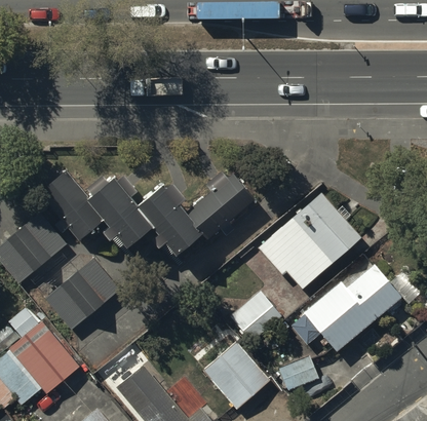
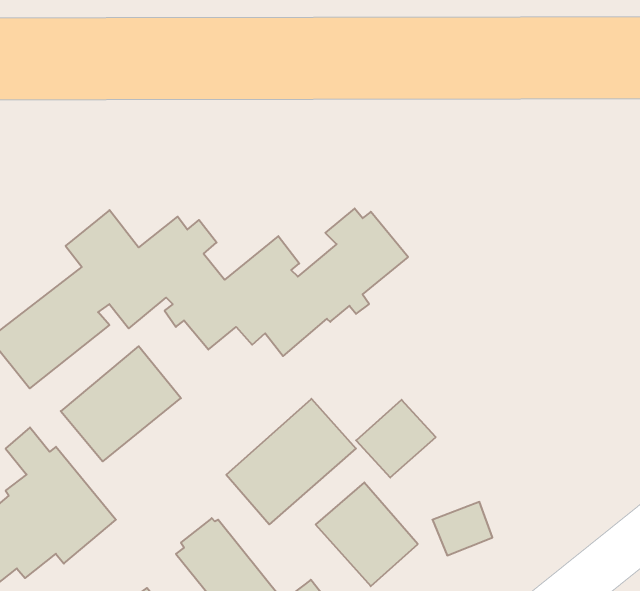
building: [257,193,359,290] -> none
building: [289,264,402,352] -> none
building: none -> [226,399,356,524]

